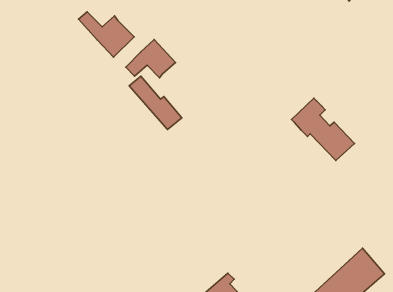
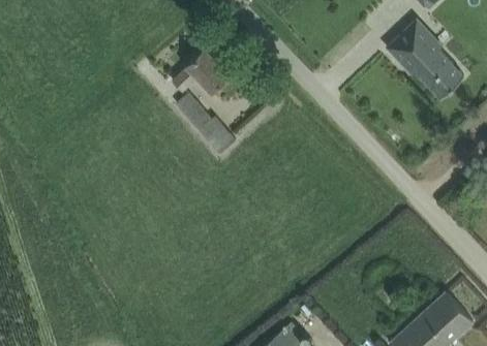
building: [78,12,134,57] -> none
building: [291,98,355,161] -> [388,23,461,95]

